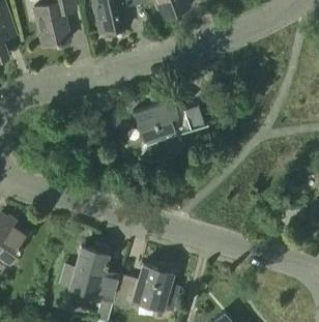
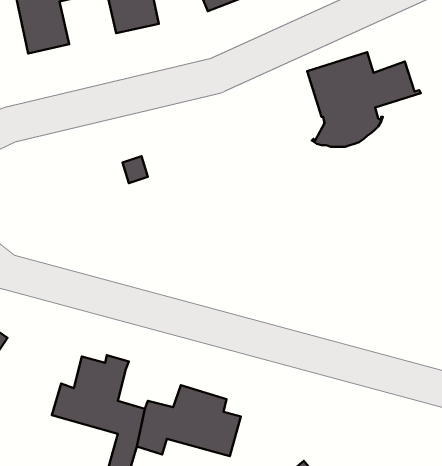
building: [135,100,209,163] -> [307,52,421,147]

